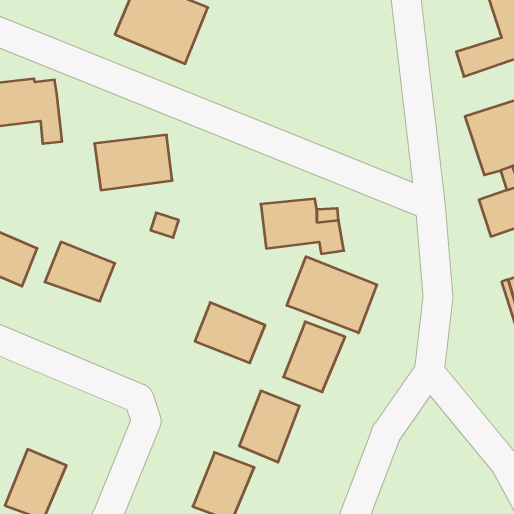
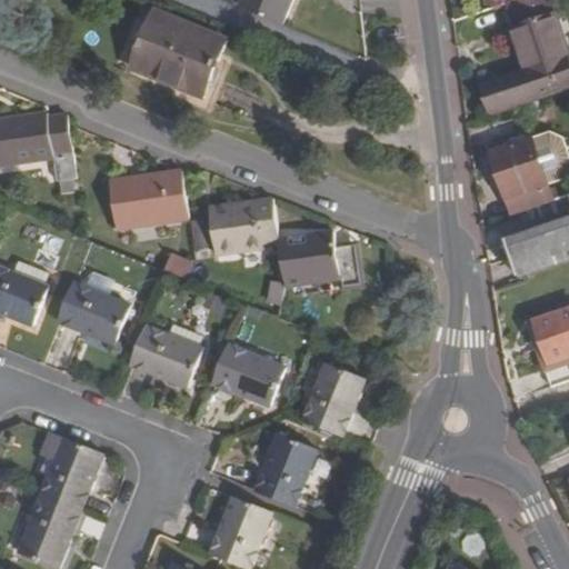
building: none -> [208,198,278,254]
building: [287,257,377,333] -> none
building: none -> [128,322,201,387]
building: none -> [38,430,101,510]

